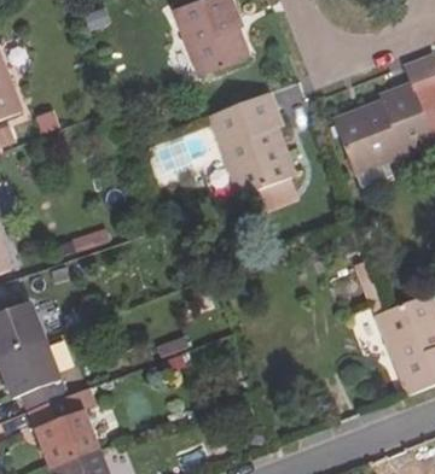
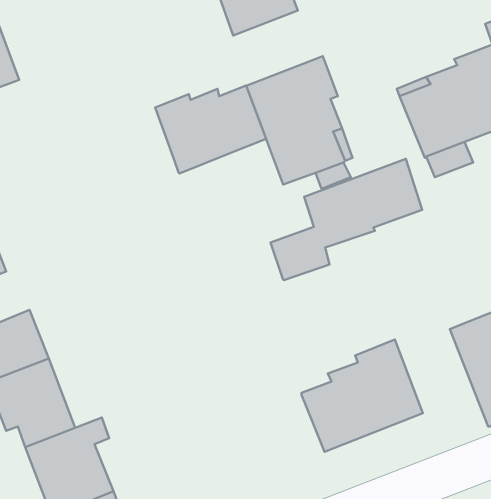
building: none -> [155,85,266,174]
building: none -> [271,159,422,280]
building: none -> [302,340,423,452]

